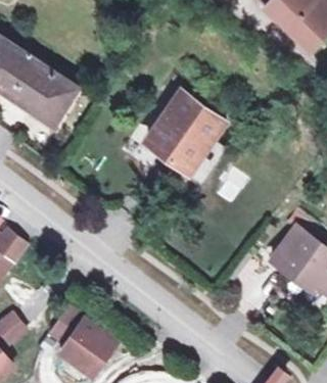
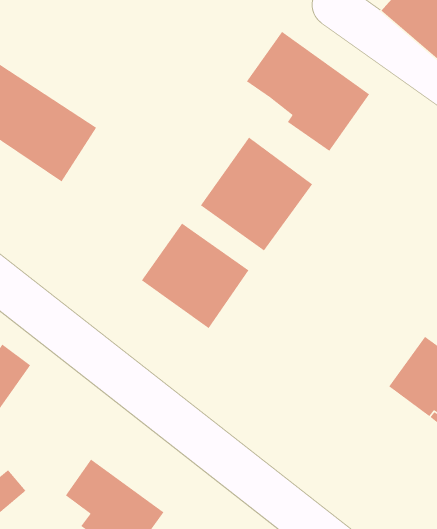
building: none -> [246,31,370,152]
building: none -> [141,223,250,329]

